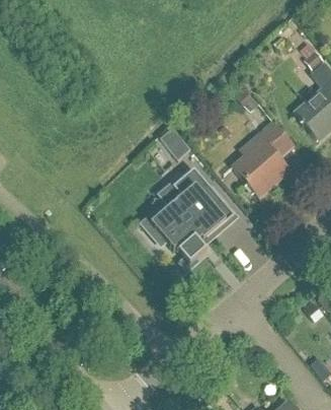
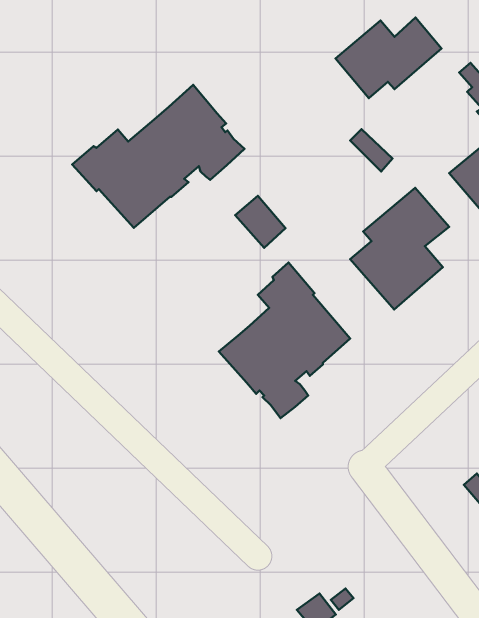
building: none -> [335,18,441,98]
building: none -> [72,85,244,228]

